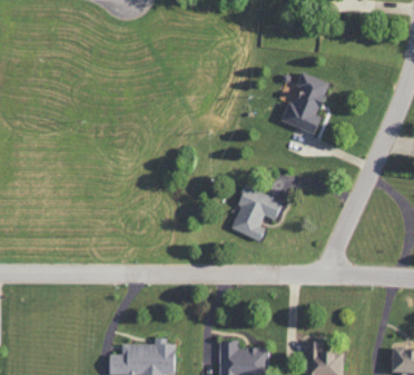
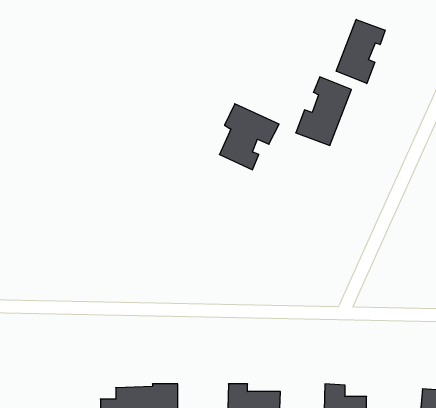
building: none -> [336,19,385,84]
building: [231,185,284,243] -> [219,104,279,170]

